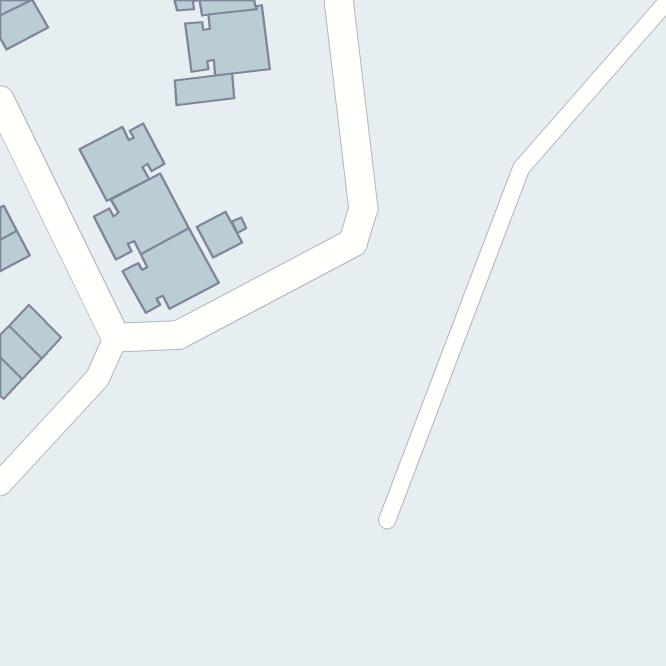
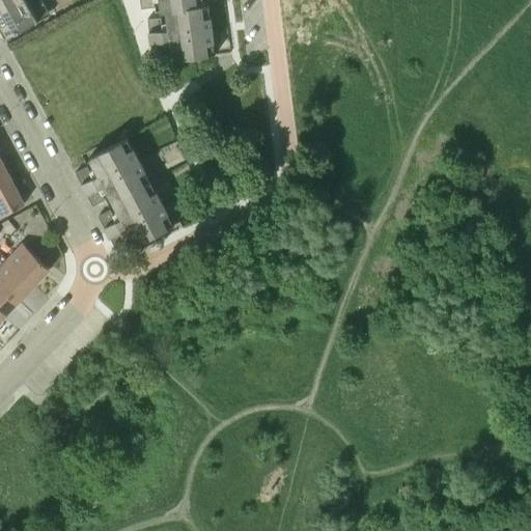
building: [175,74,234,105] -> none
building: [80,123,165,201] -> none
building: [197,212,242,257] -> none

